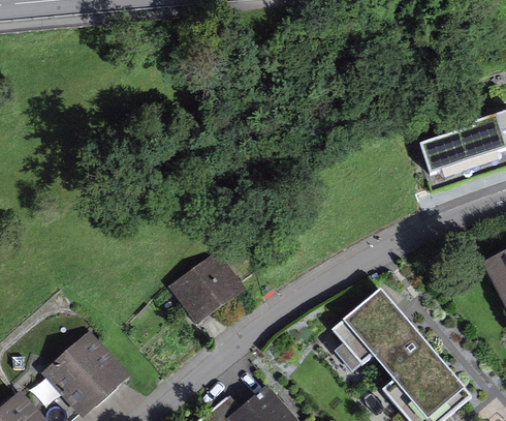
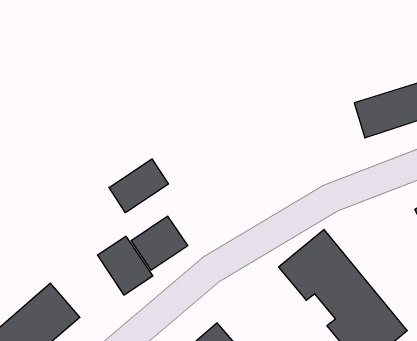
building: none -> [109,159,168,213]
building: none -> [97,236,153,295]

